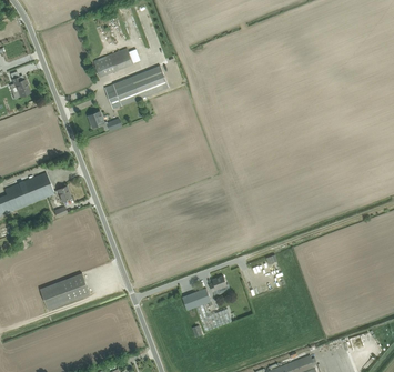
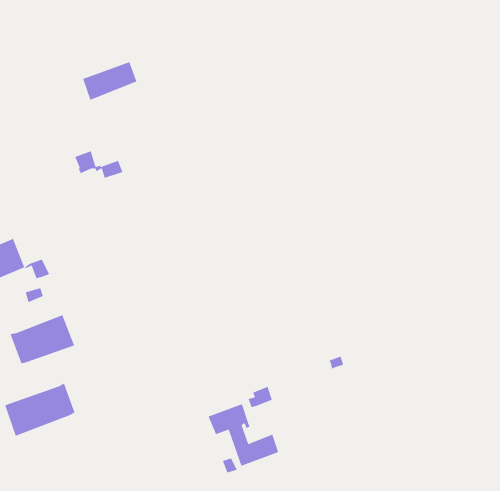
building: [104,64,168,108] -> none
building: none -> [10,314,75,364]

